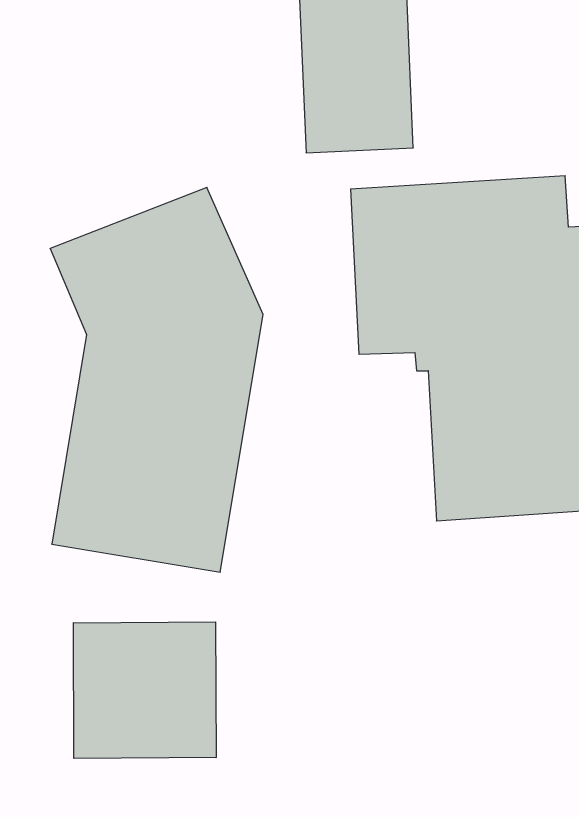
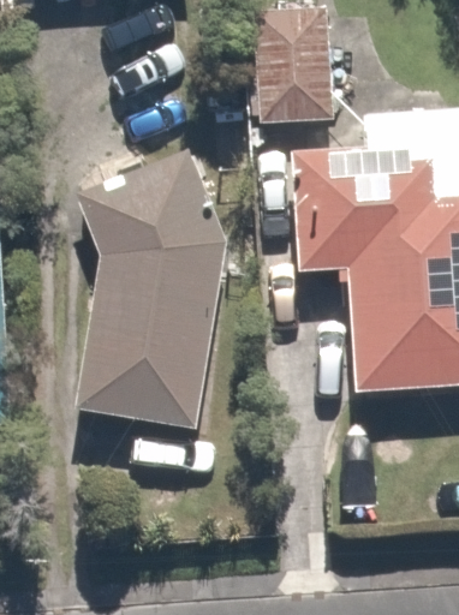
building: [73,622,216,758] -> none

